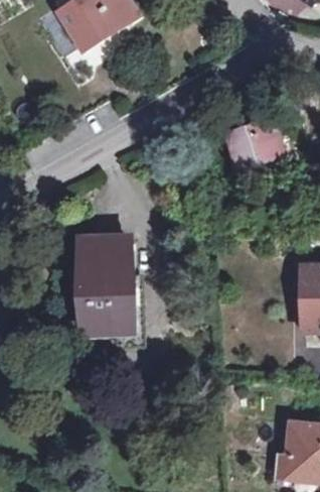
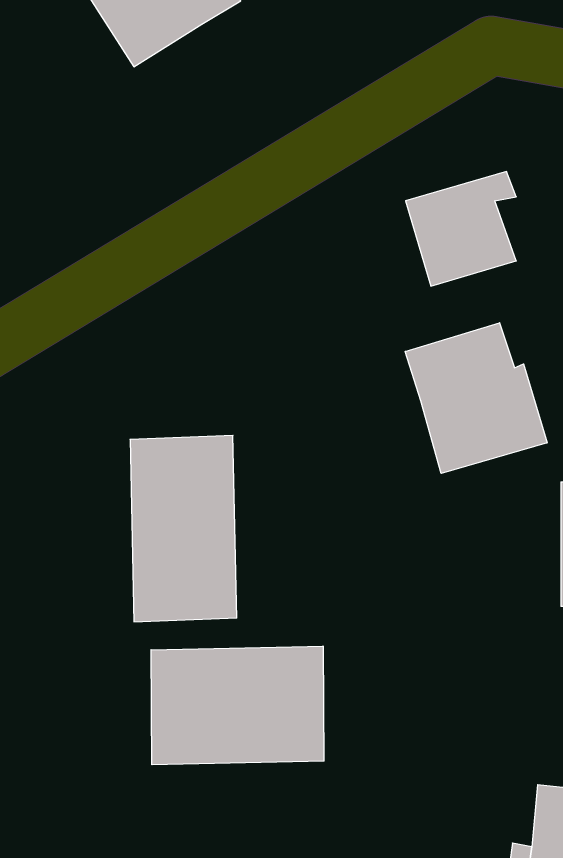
building: none -> [405,323,547,473]
building: none -> [151,646,324,765]

